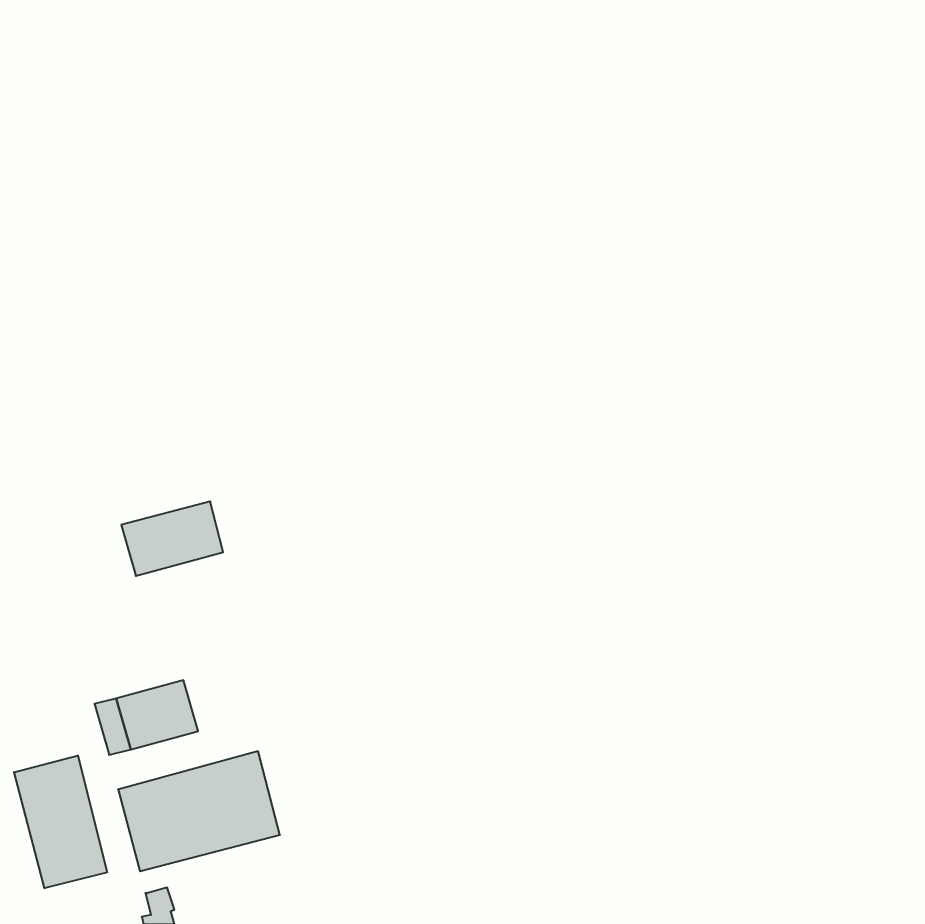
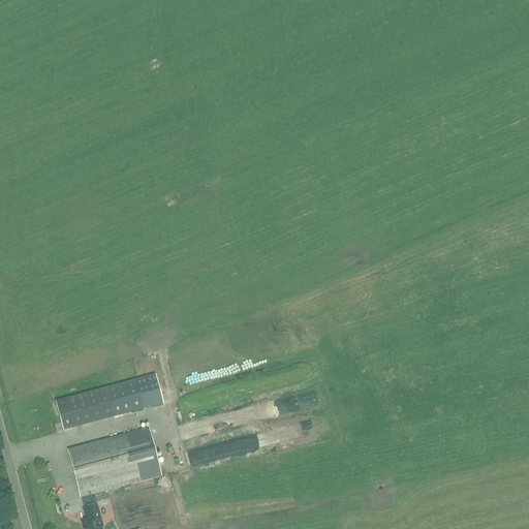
building: [121,501,223,576] -> [106,373,164,415]
building: [14,755,107,888] -> none

